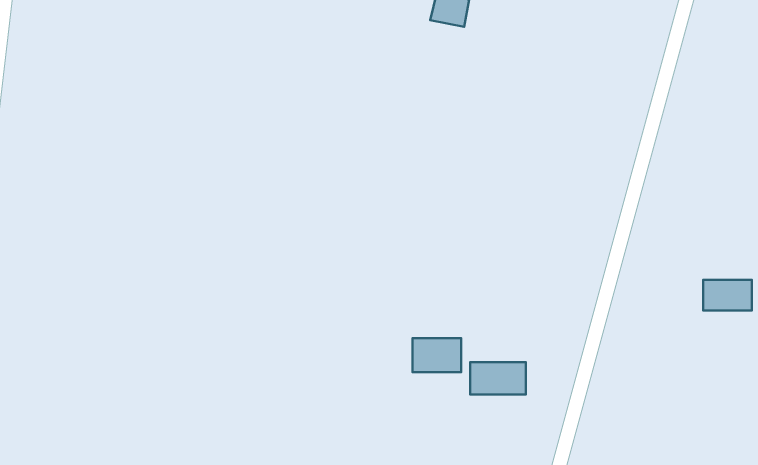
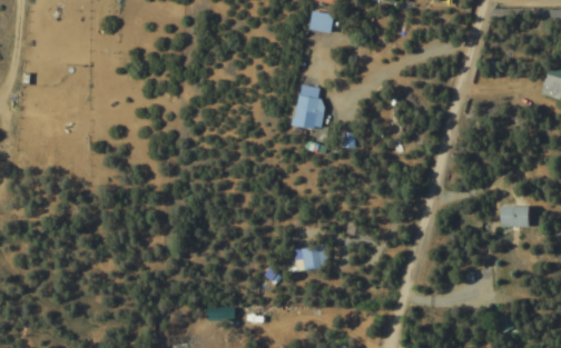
building: none -> [294,93,325,129]
building: [470,362,526,394] -> none

